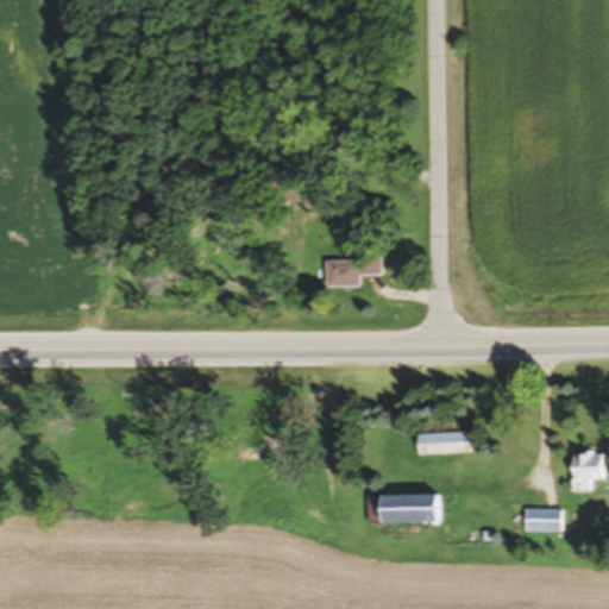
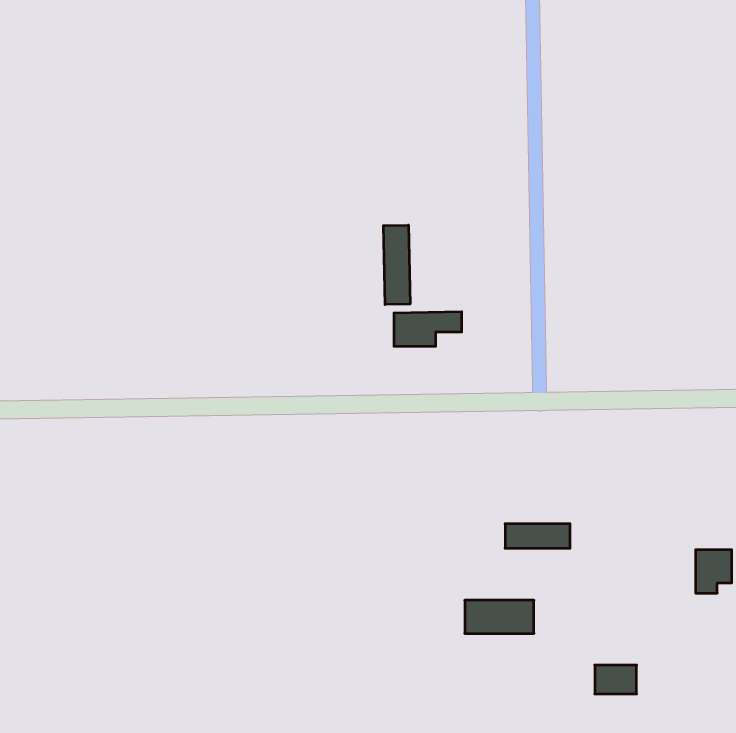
building: none -> [383,225,410,305]
building: [526,508,560,532] -> [595,665,637,694]

